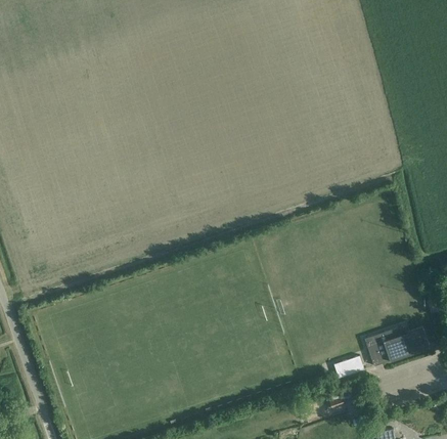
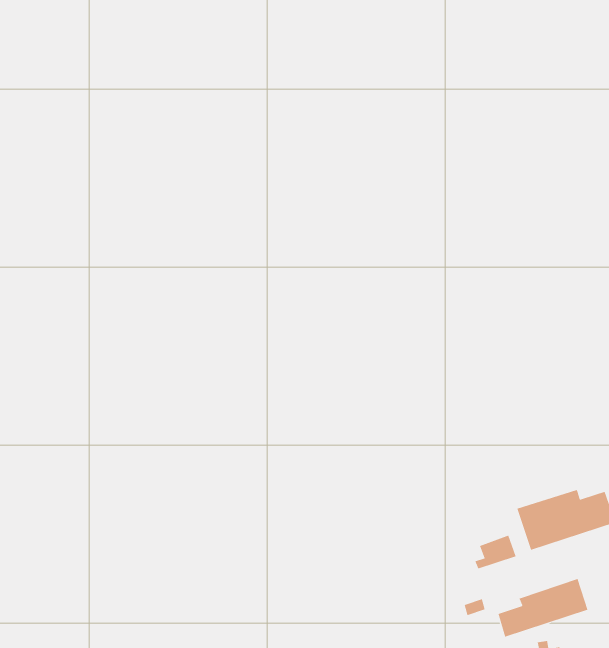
building: none -> [498,578,588,637]

